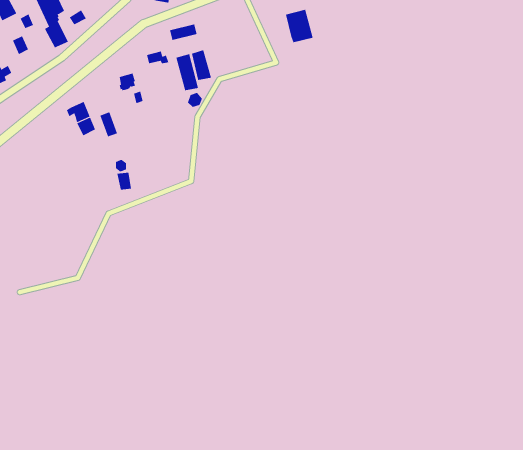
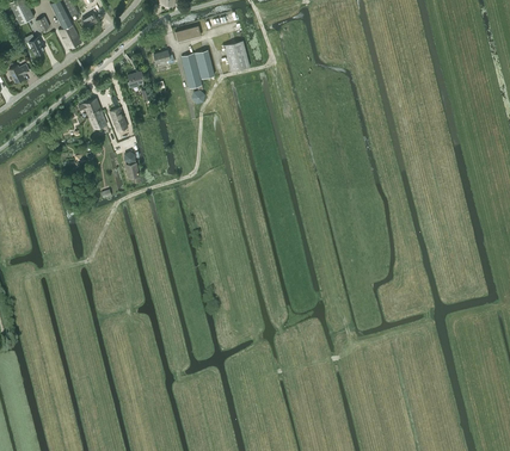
building: [285,9,314,43] -> [223,39,250,70]

